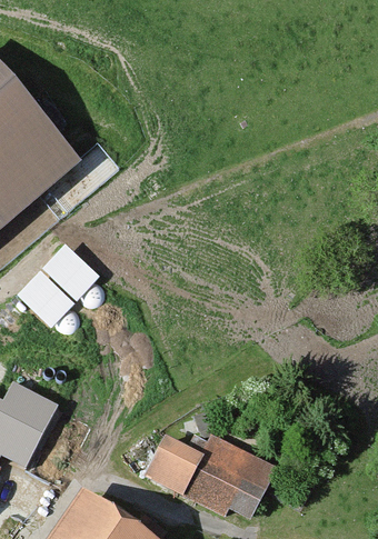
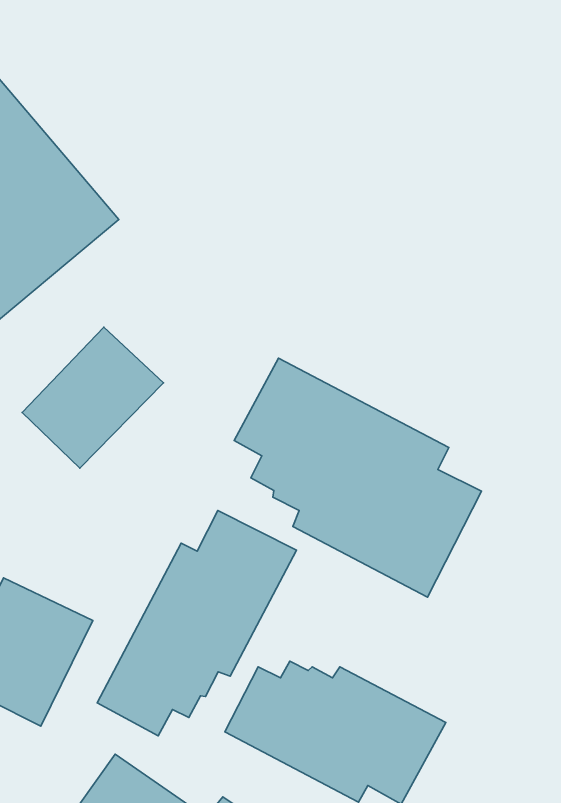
building: none -> [234,358,481,597]
building: none -> [97,511,297,736]

